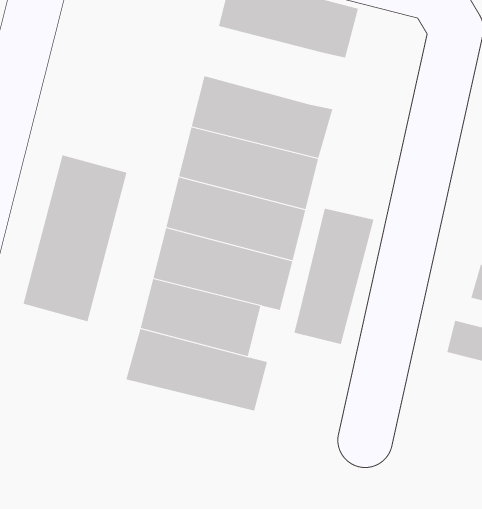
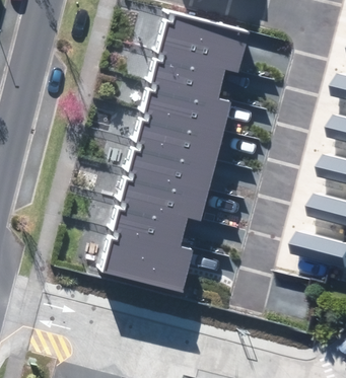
building: none -> [146,43,222,92]
building: [23,154,127,322] -> none
building: [294,208,374,345] -> none

